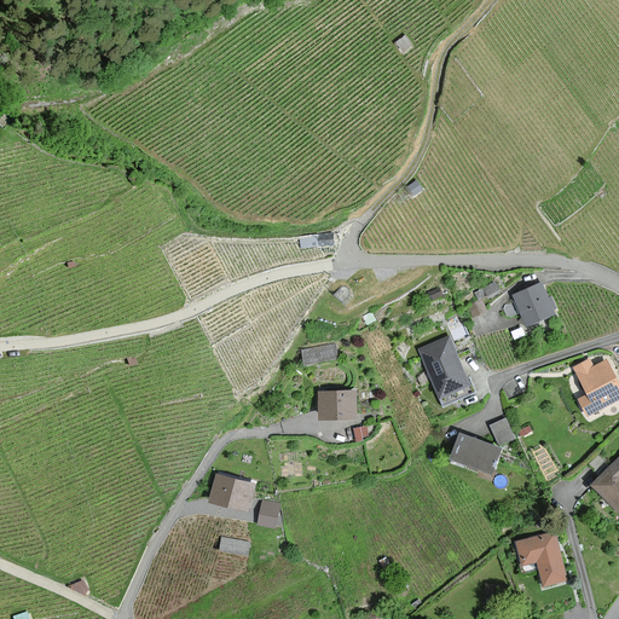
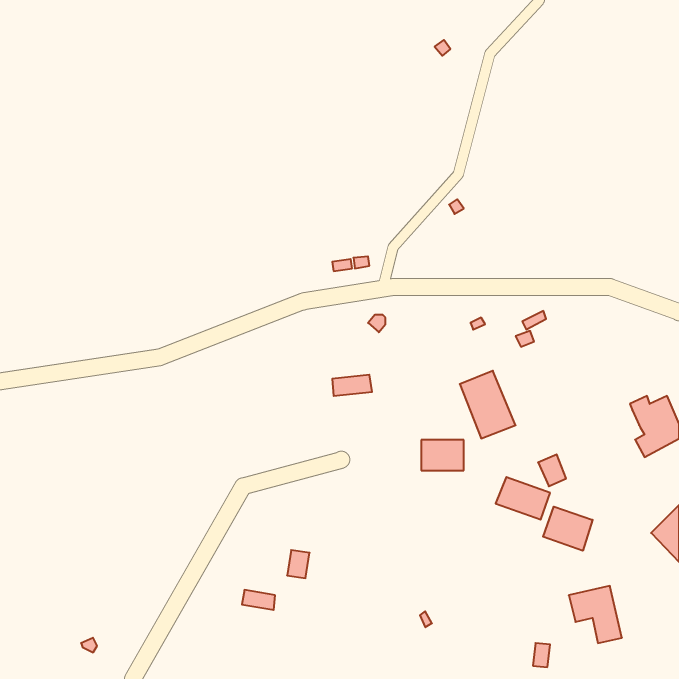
building: [513,285,551,325] -> none
building: [322,389,360,417] -> [421,440,464,470]
building: none -> [543,507,593,551]
building: [214,473,258,509] -> none

